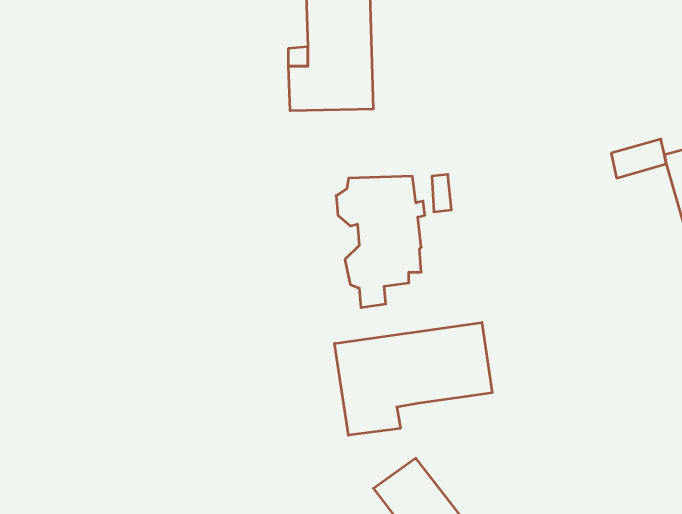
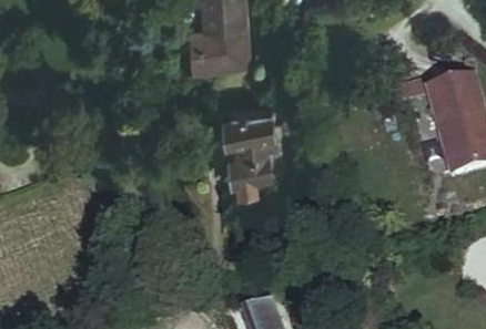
building: [335,322,492,435] -> none

